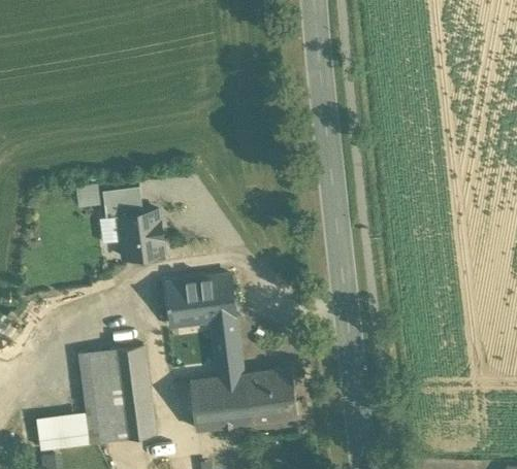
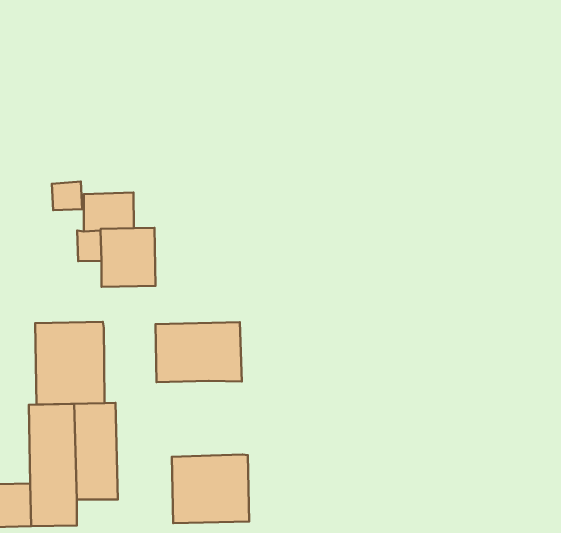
building: none -> [35,322,104,405]
building: [212,320,243,377] -> none
building: [247,369,298,424] -> none
building: [122,417,155,440] -> none

